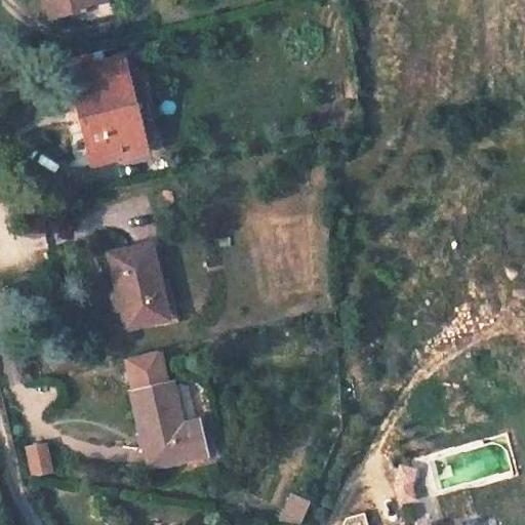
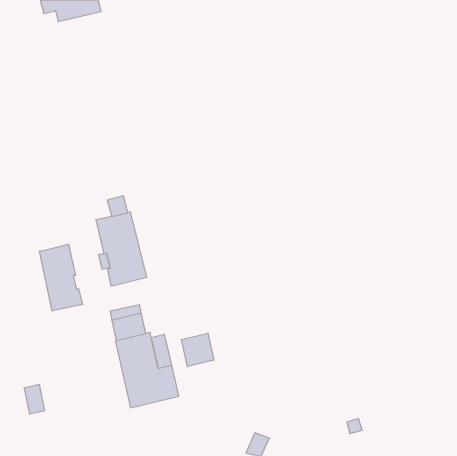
building: [73,62,142,159] -> none
building: none -> [39,244,83,311]
building: none -> [181,333,214,367]

